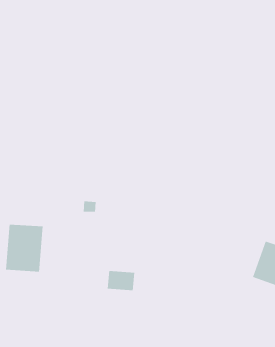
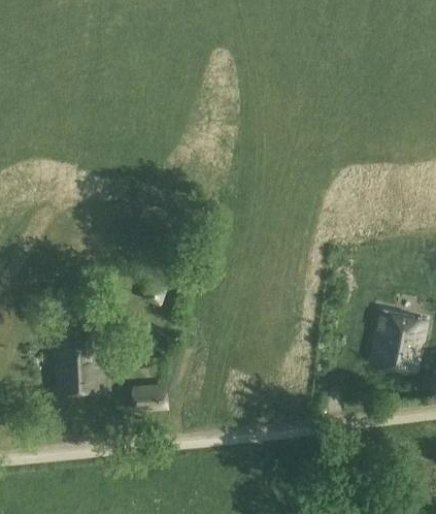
building: [107,270,135,291] -> [132,385,167,411]

